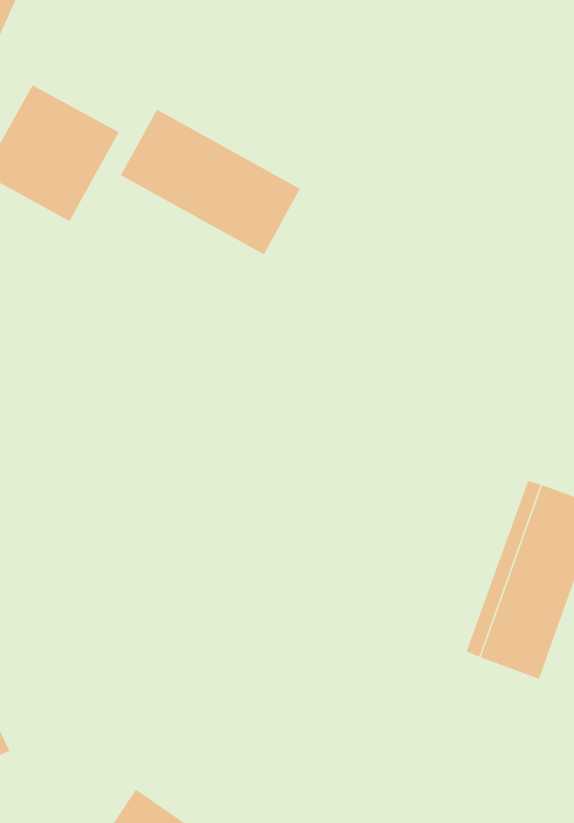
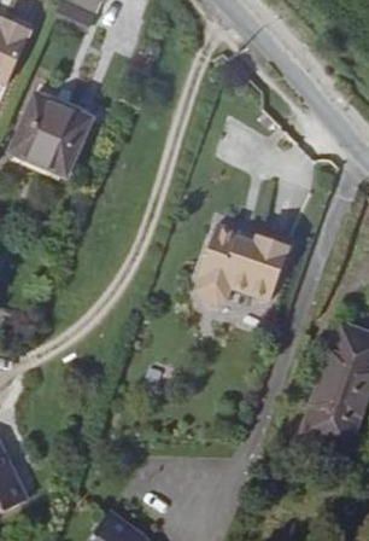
building: [120,109,301,255] -> none
building: none -> [200,217,293,299]

